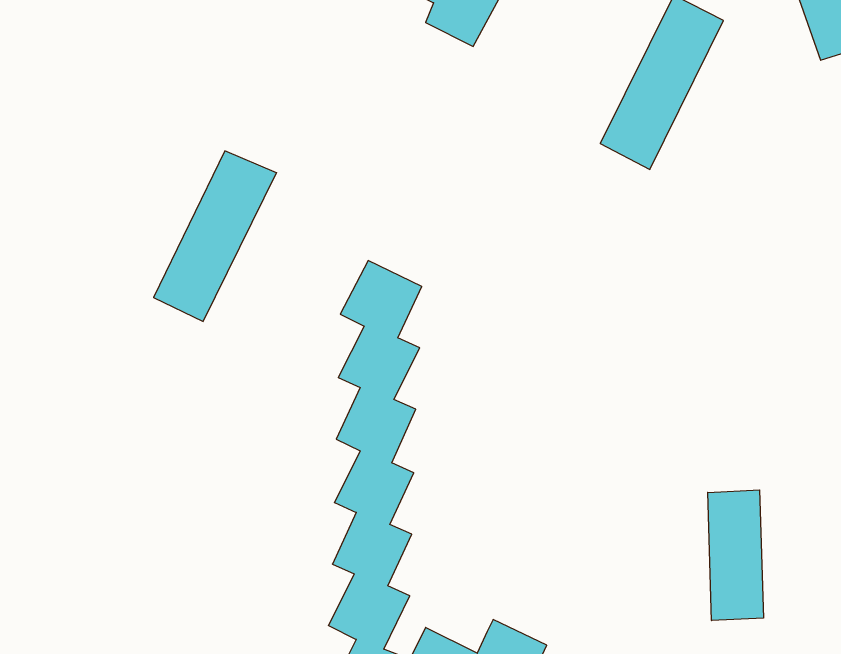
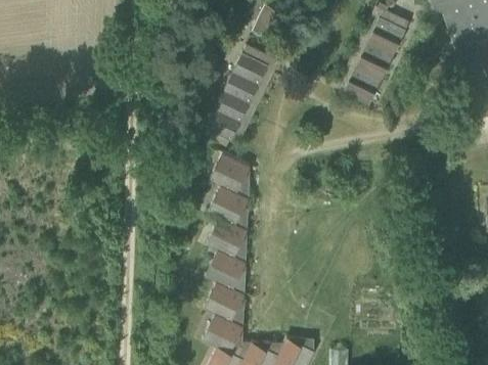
building: [154,151,277,321] -> [209,48,272,136]
building: [708,490,763,621] -> none

